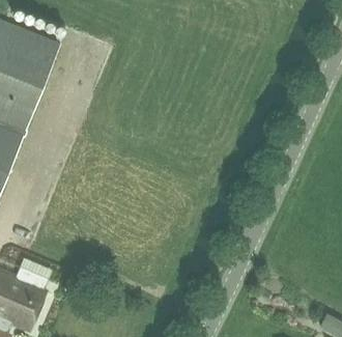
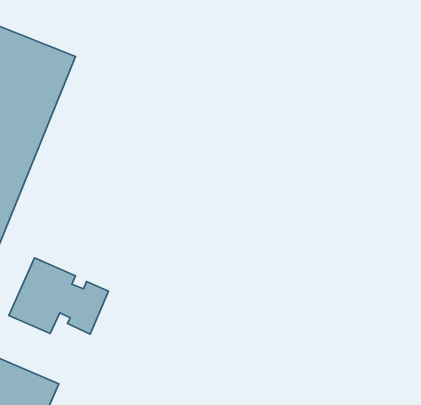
building: none -> [9,258,108,334]

